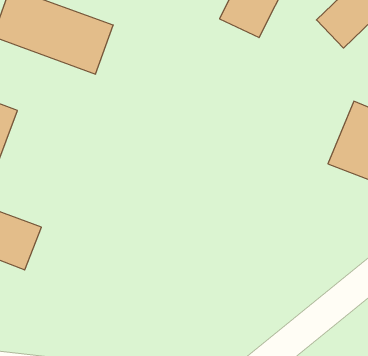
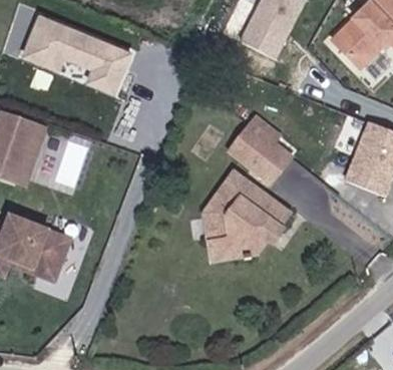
building: none -> [229,115,292,182]
building: none -> [205,169,293,260]

